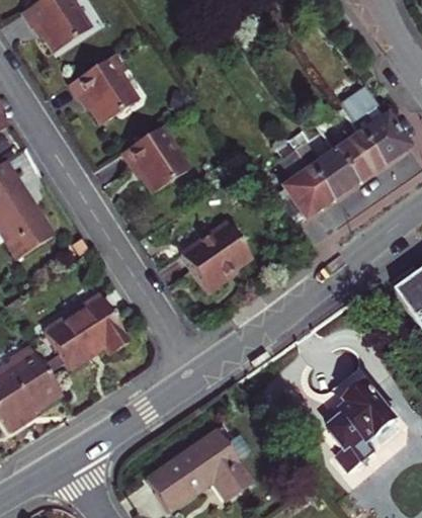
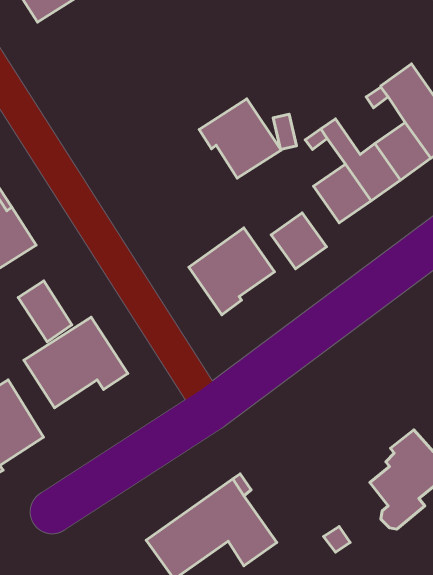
building: [69,55,137,123] -> none
building: [120,126,188,192] -> [199,99,281,178]
building: none -> [271,213,326,269]
building: none -> [18,281,72,342]

